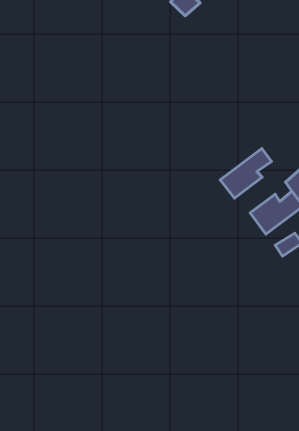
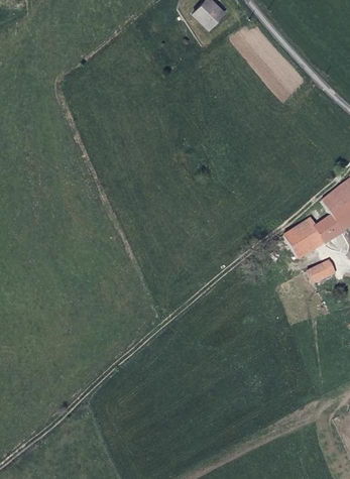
building: [220,149,271,198] -> none

